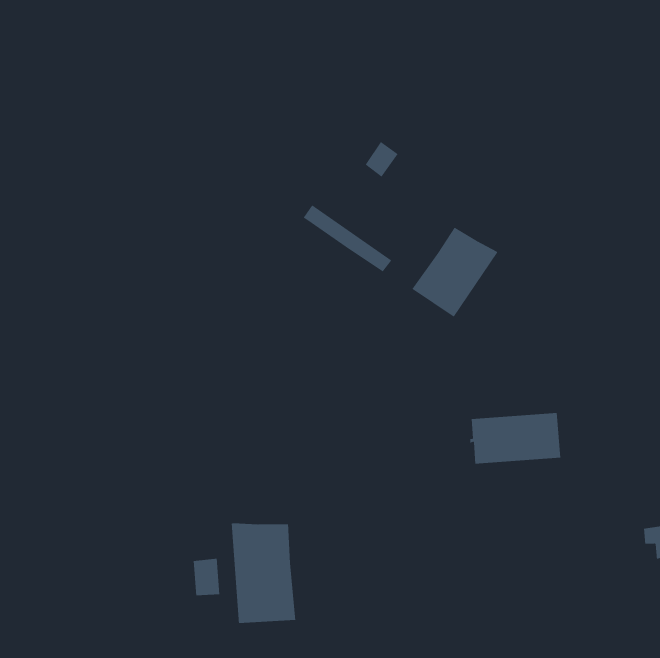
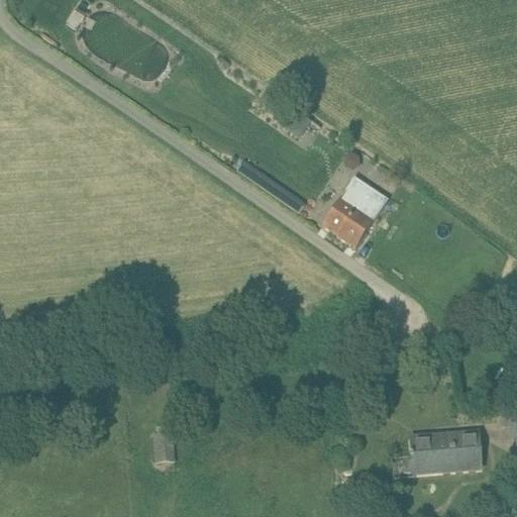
building: [469,412,561,464] -> [410,432,482,473]
building: [231,523,296,624] -> none

